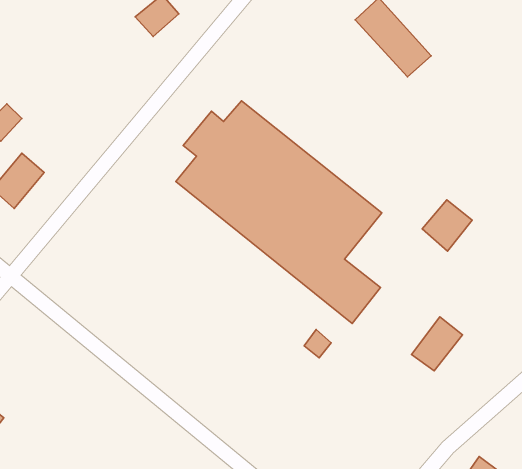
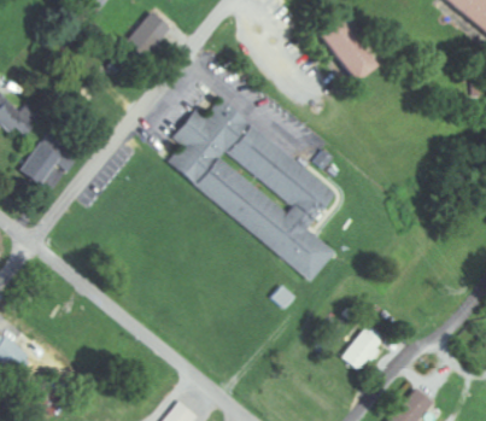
building: [422,200,472,251] -> none
building: [412,317,462,371] -> [342,328,383,372]

